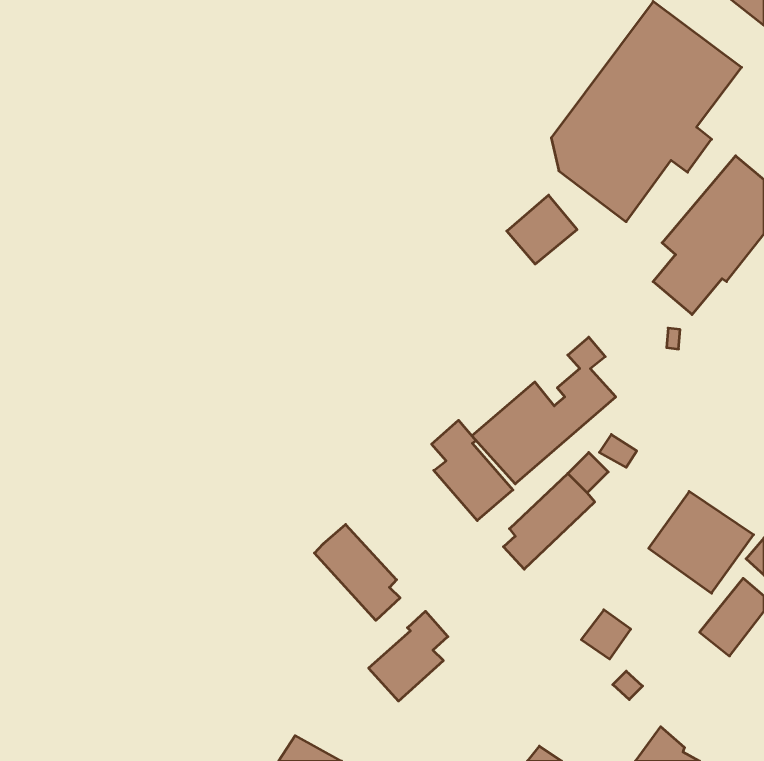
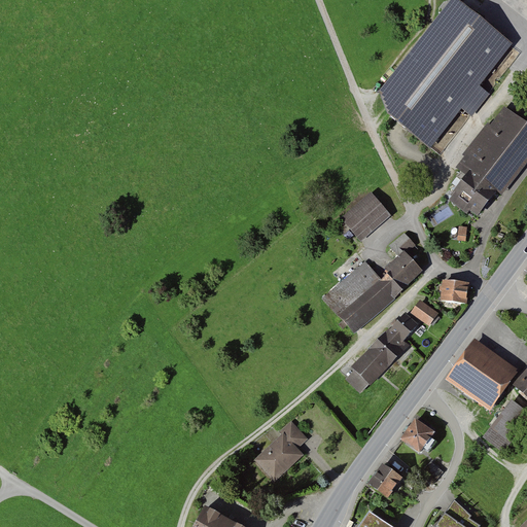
building: [507,195,577,264] -> [343,194,391,241]
building: none -> [442,278,471,300]
building: [432,420,513,521] -> none
building: [314,524,400,620] -> none
building: none -> [365,462,402,500]

